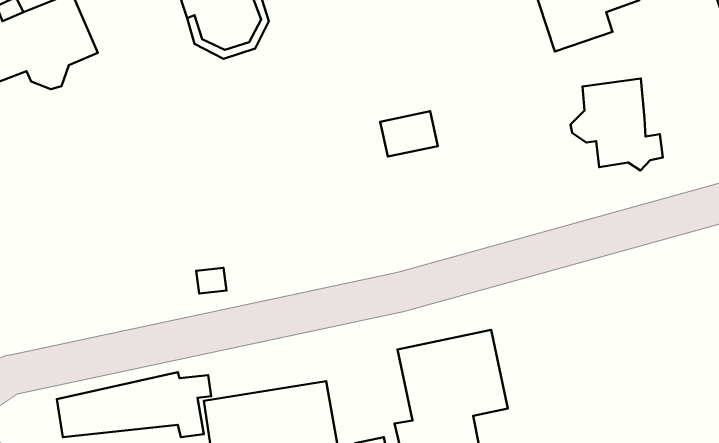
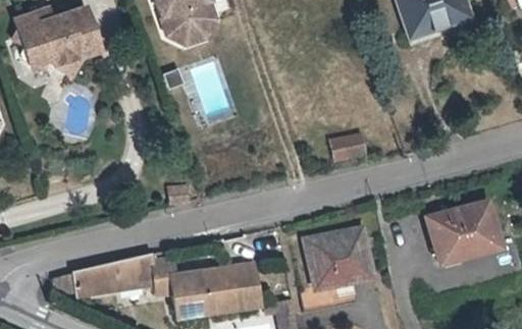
building: [570,78,663,170] -> none
building: [380,111,438,157] -> [327,130,366,161]
building: none -> [429,204,502,264]

